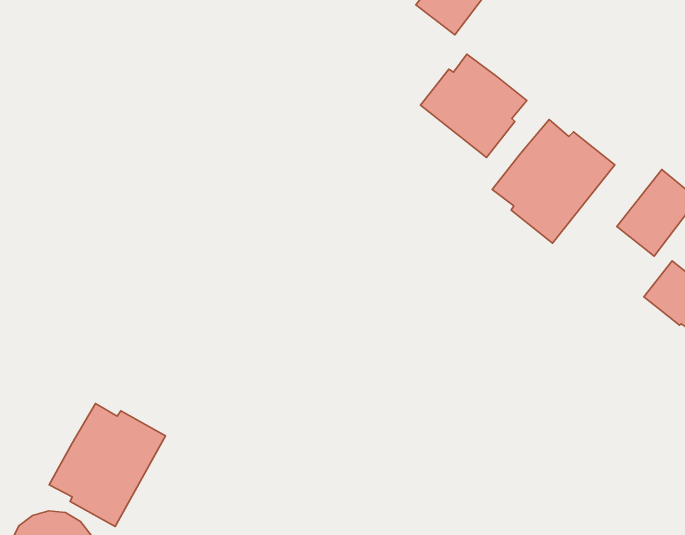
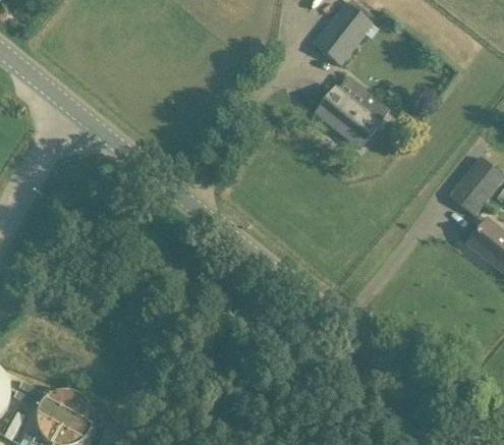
building: [492,120,615,243] -> none
building: [49,403,166,527] -> none

